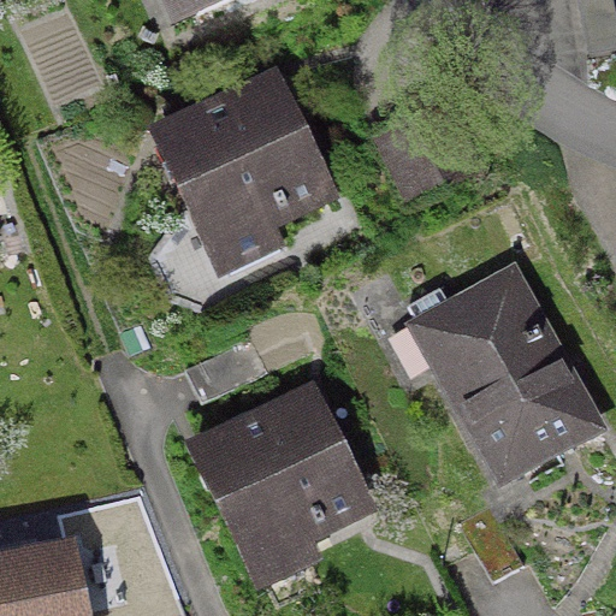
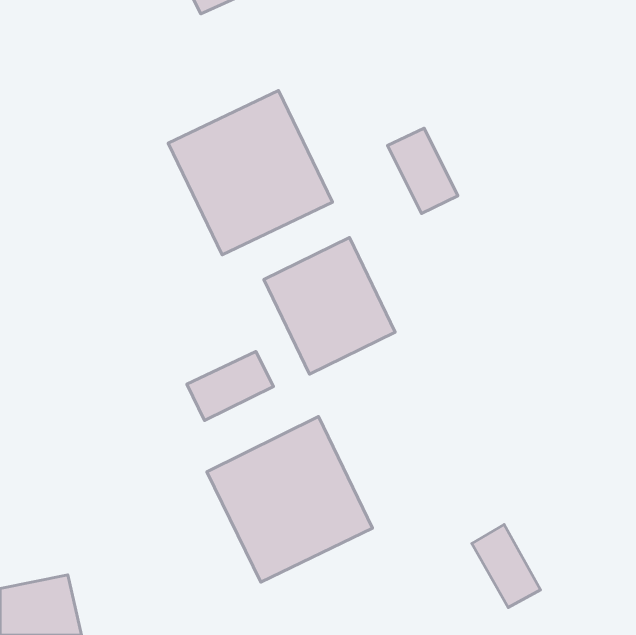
building: none -> [264,237,395,374]
building: [437,280,592,478] -> none

